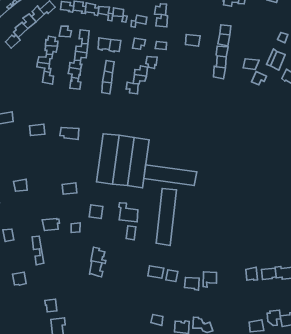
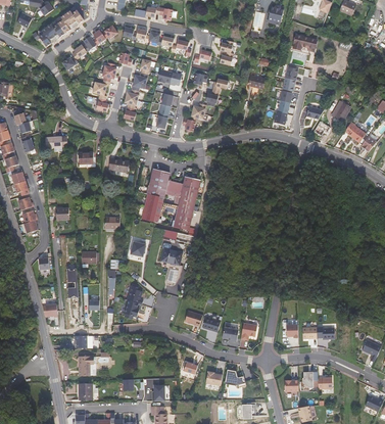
building: [144,165,197,185] -> none
building: [156,188,176,246] -> none

